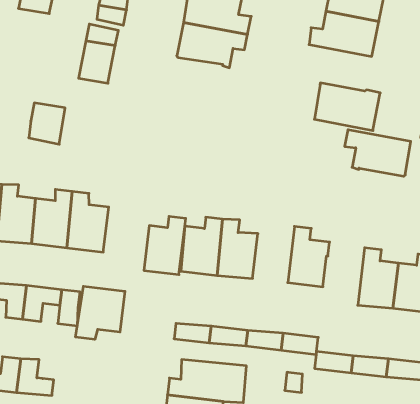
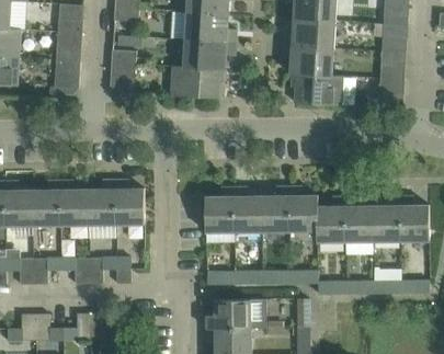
building: none -> [170,66,218,99]
building: [29,103,65,144] -> [54,60,79,90]
building: [345,130,411,176] -> [282,46,332,77]
building: [144,216,186,275] -> [261,187,288,231]
building: none -> [316,197,344,242]
building: [76,286,125,339] -> none

